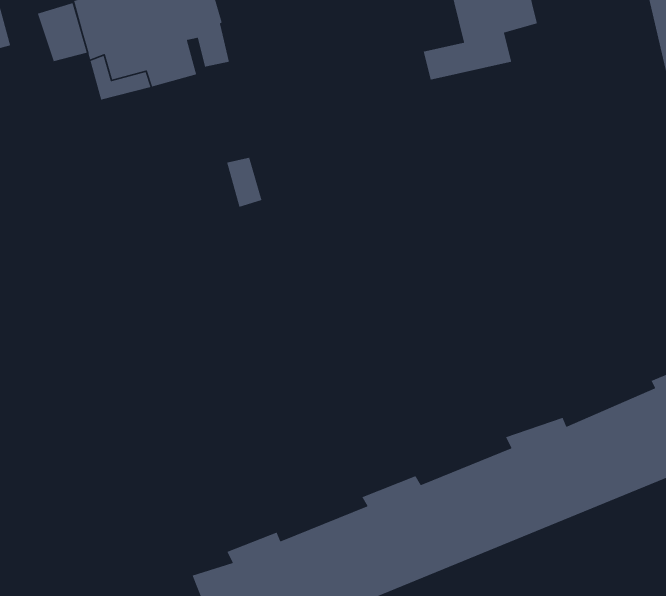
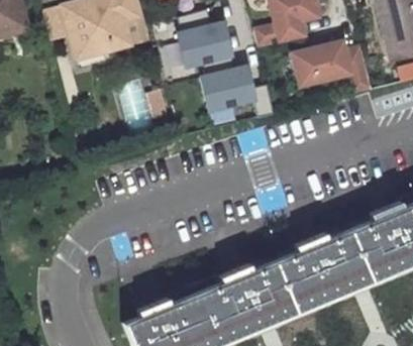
building: none -> [182,15,238,71]
building: none -> [294,42,373,95]
building: none -> [199,67,264,116]

